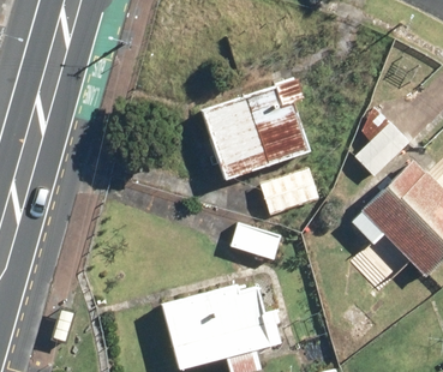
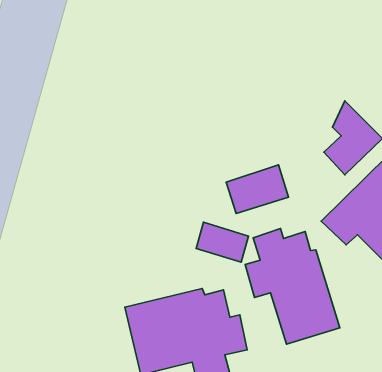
building: [202,79,312,180] -> none
building: none -> [245,229,340,344]

